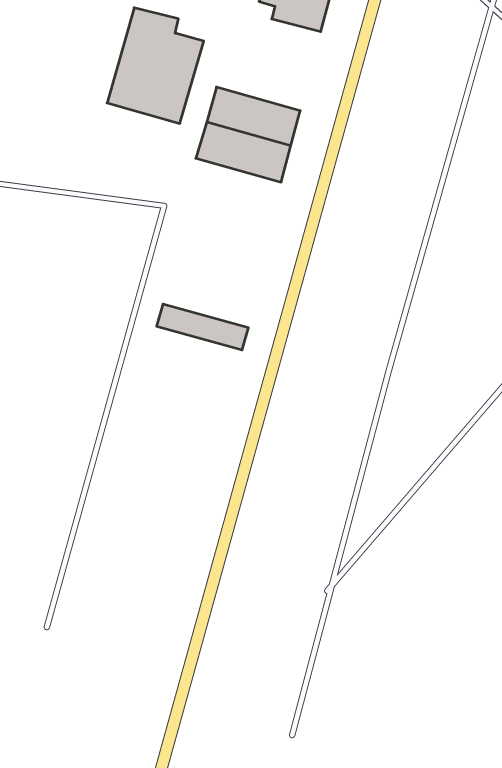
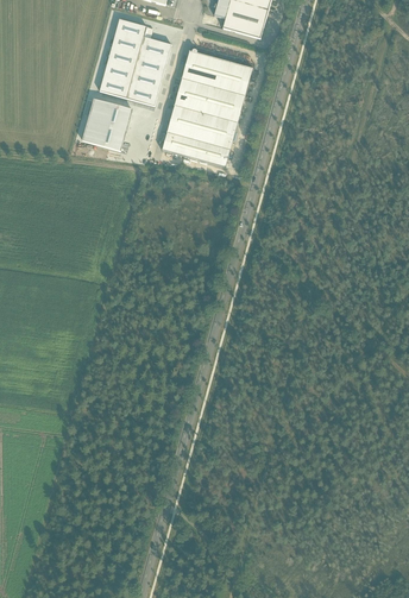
building: none -> [181,49,252,96]
building: none -> [82,99,131,150]
building: [157,304,248,350] -> [161,132,229,166]

